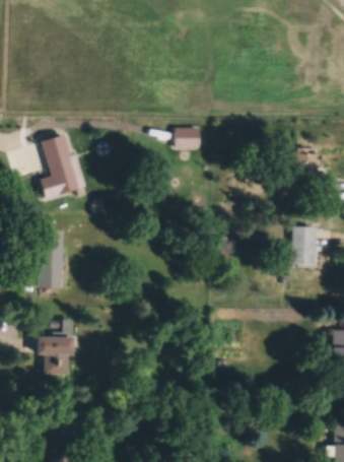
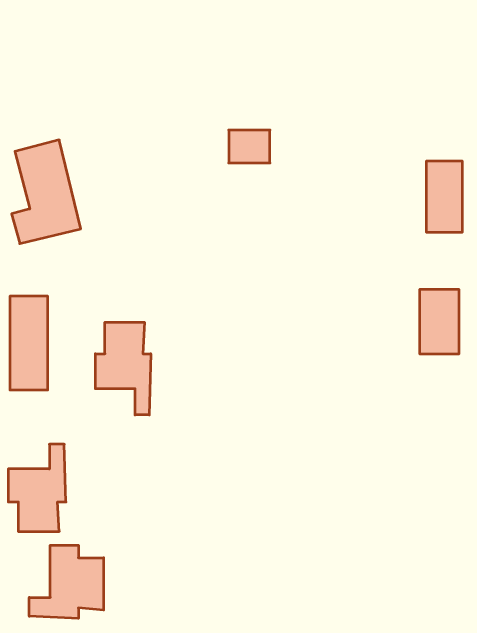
building: none -> [95,322,151,415]
building: none -> [29,545,104,618]

